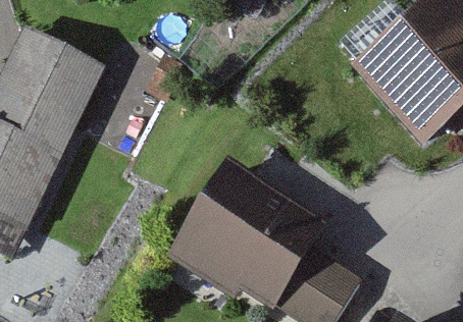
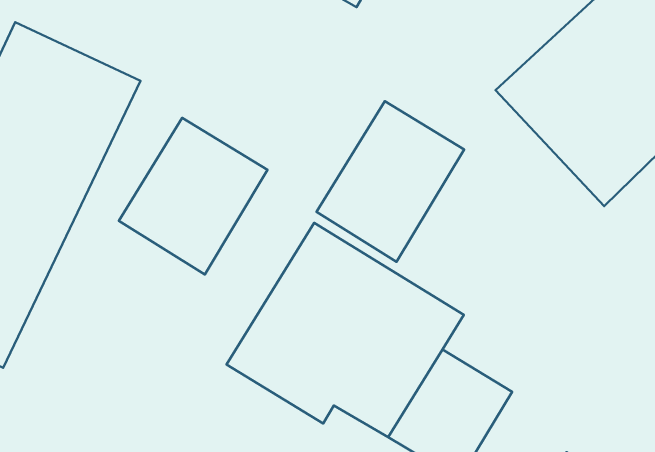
building: none -> [317,101,464,262]
building: none -> [119,118,267,274]

